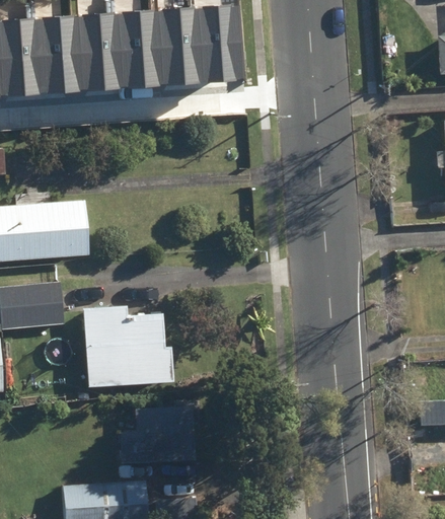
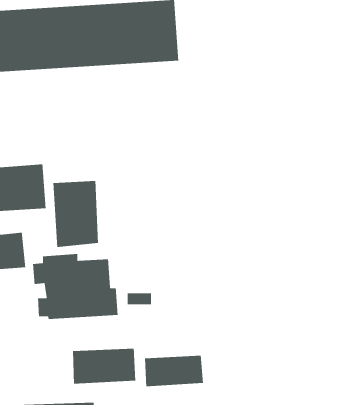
building: none -> [52,180,99,248]
building: none -> [144,355,204,387]

